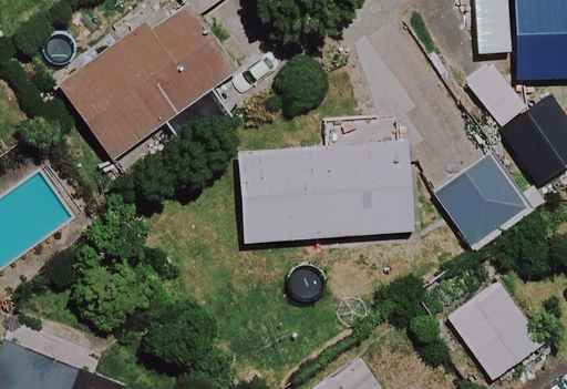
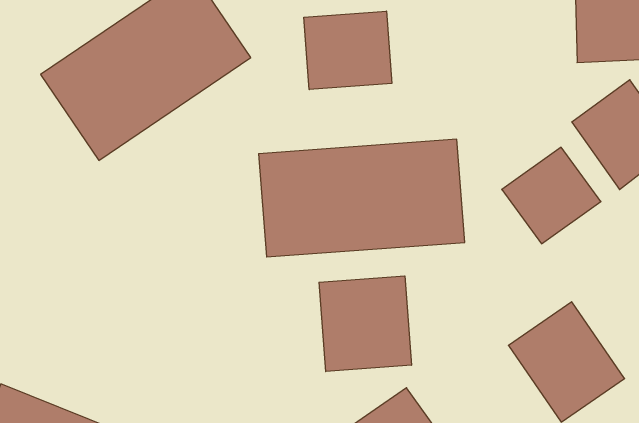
building: none -> [304,11,392,90]
building: none -> [319,276,411,372]

